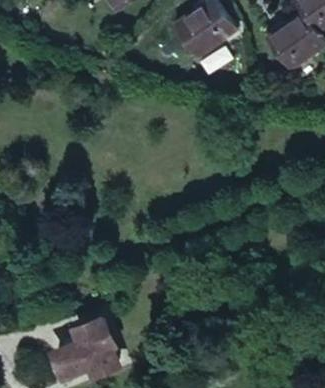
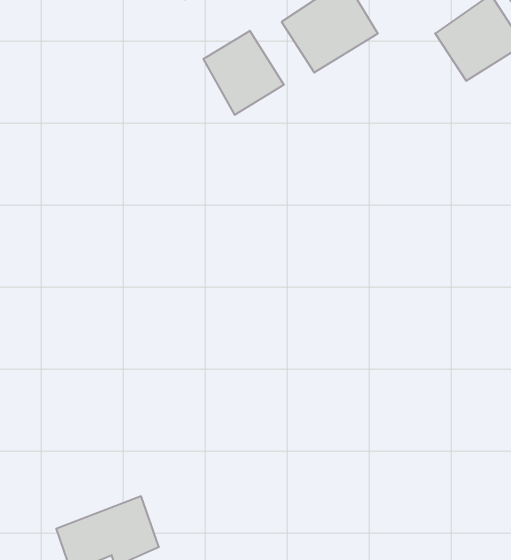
building: none -> [203,31,284,115]

